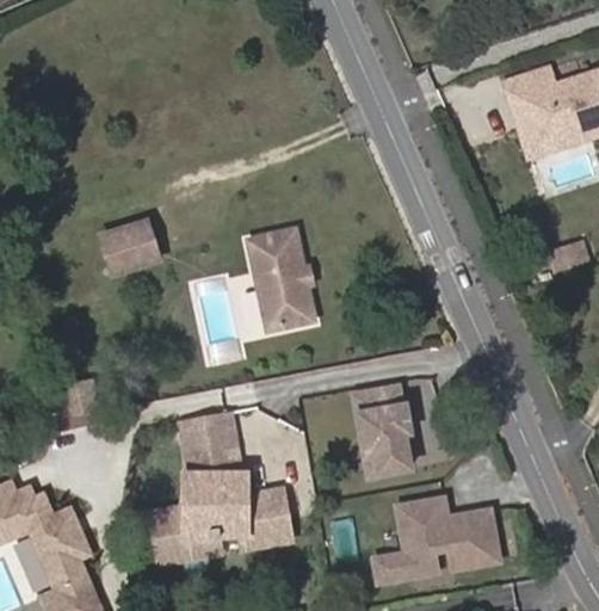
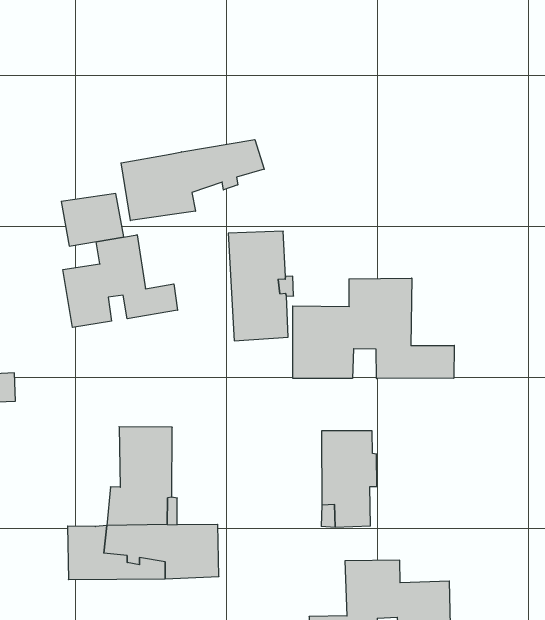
building: none -> [121,140,264,221]
building: none -> [293,278,454,379]
building: none -> [63,235,178,327]

